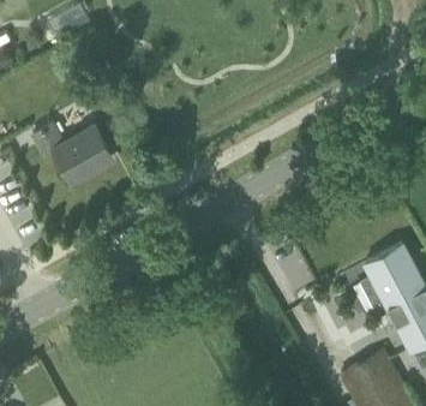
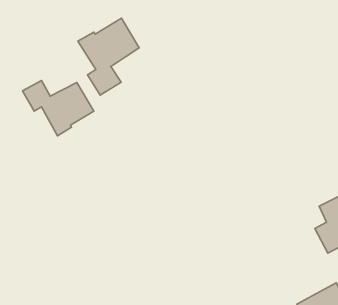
building: none -> [78,18,139,95]

